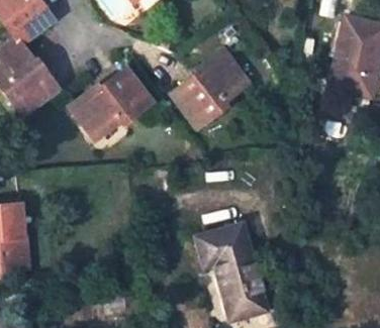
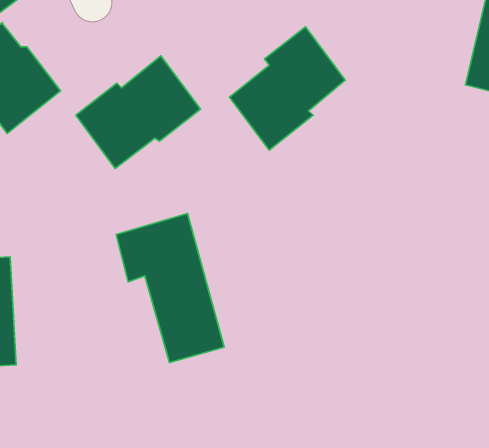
building: [196,223,268,322] -> [116,213,224,363]

